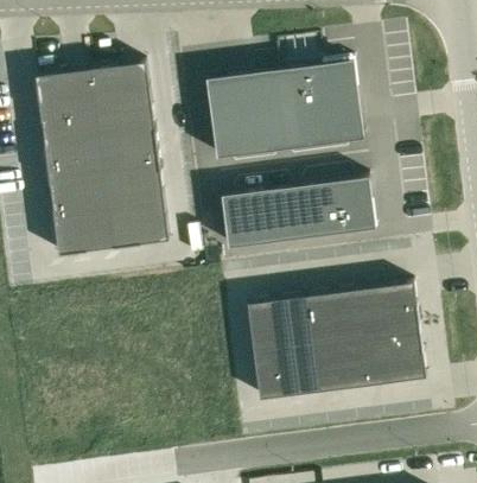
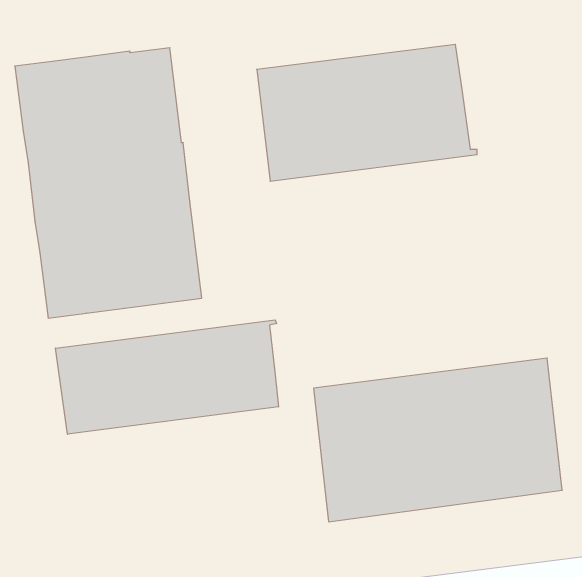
building: [221,178,370,248] -> none
building: none -> [56,320,278,434]

